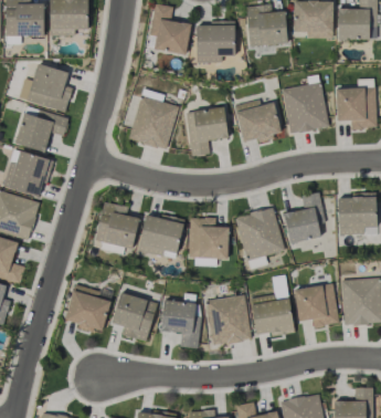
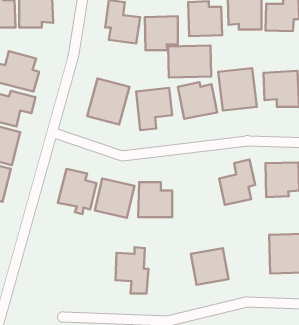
building: none -> [168,46,211,78]
building: [235,207,284,261] -> none
building: [64,283,110,332] -> none
building: [294,283,338,327] -> none
building: [110,292,157,342] -> none
building: [205,293,252,346] -> none

